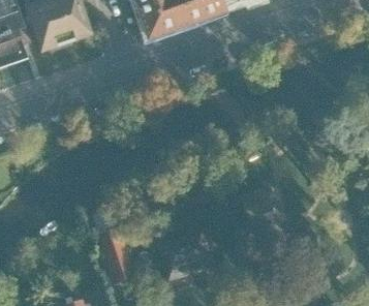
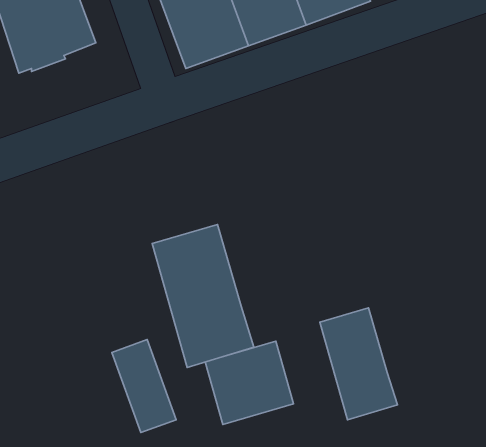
building: none -> [152,225,254,367]
building: none -> [320,308,397,420]

